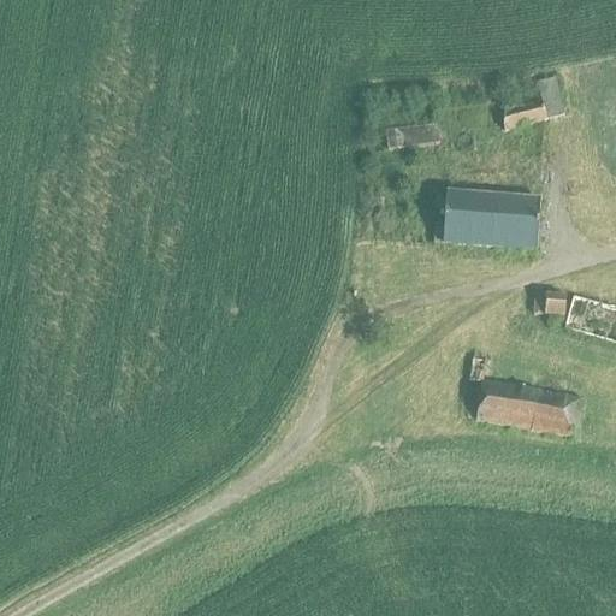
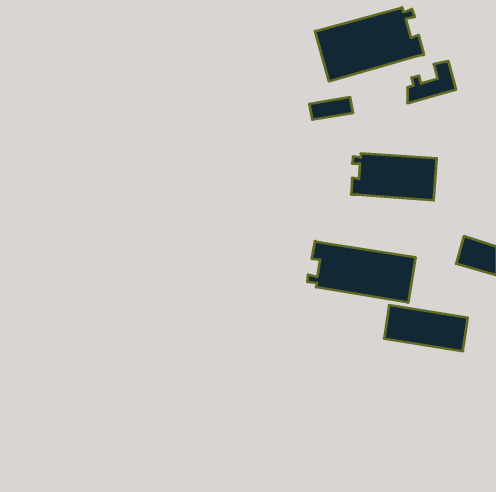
building: none -> [315,7,424,81]
building: none -> [308,241,415,303]

